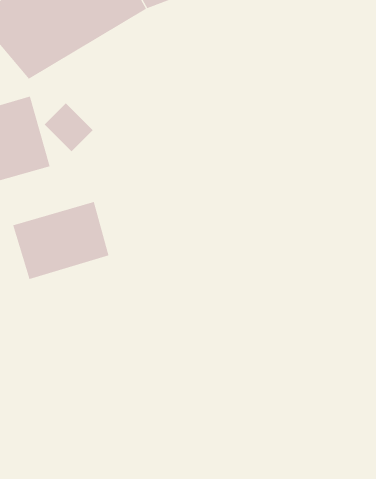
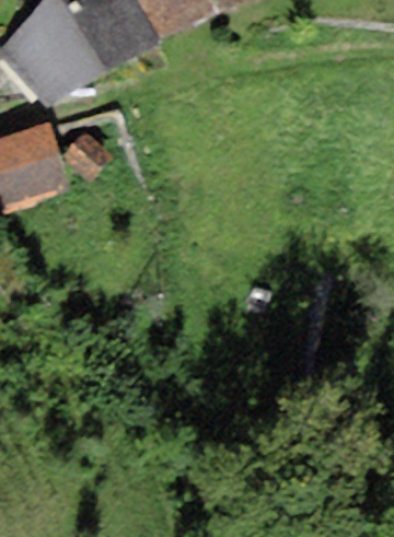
building: [12,201,109,280] -> none

